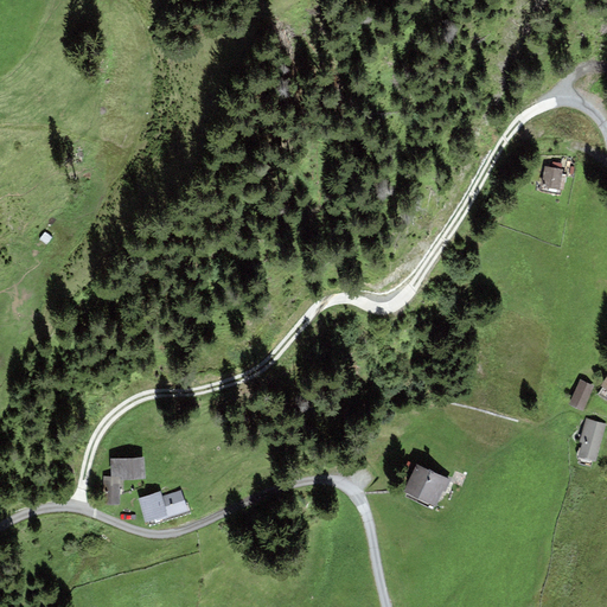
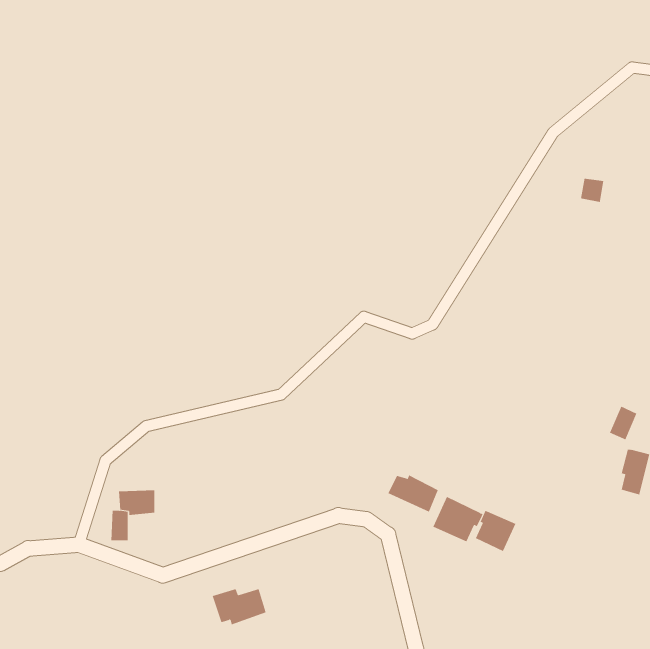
building: none -> [388,474,438,512]
building: none -> [475,510,516,552]
building: [138,490,189,524] -> [212,588,267,625]

